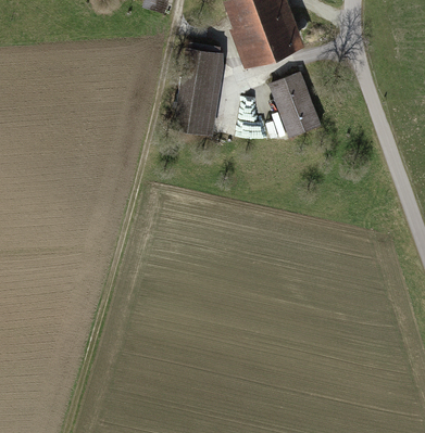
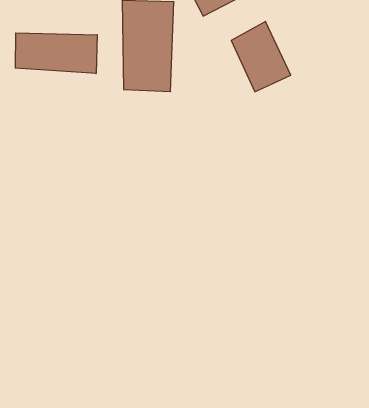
building: none -> [15,33,97,74]

